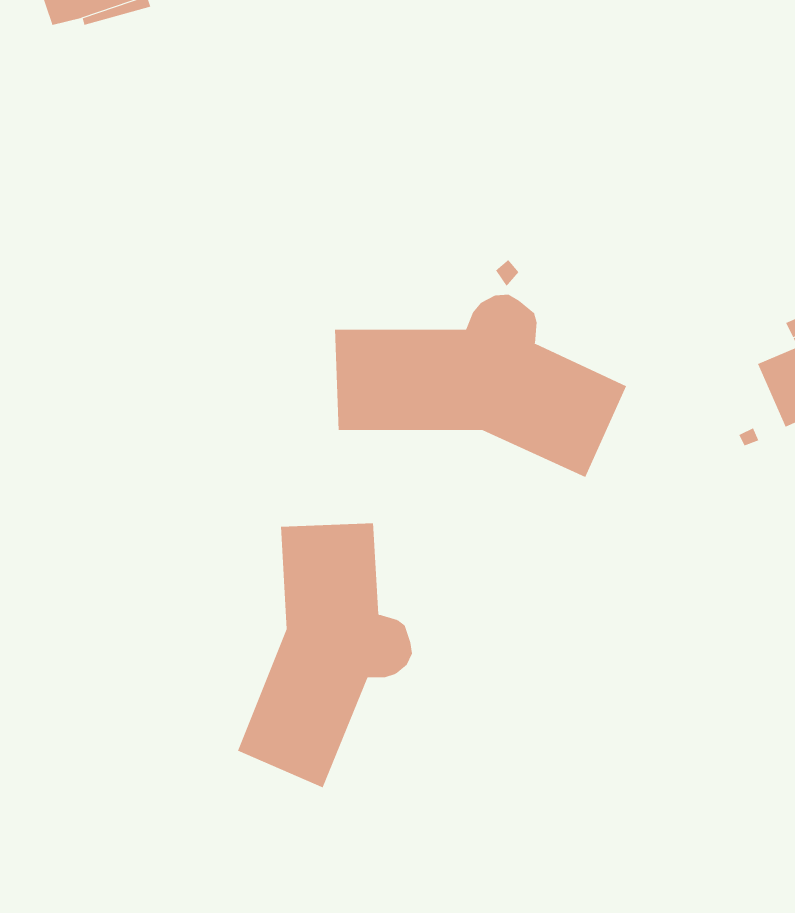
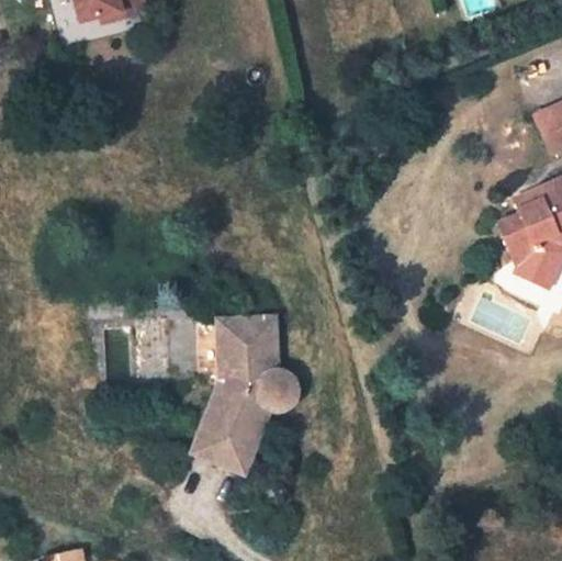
building: [335,294,627,478] -> none

